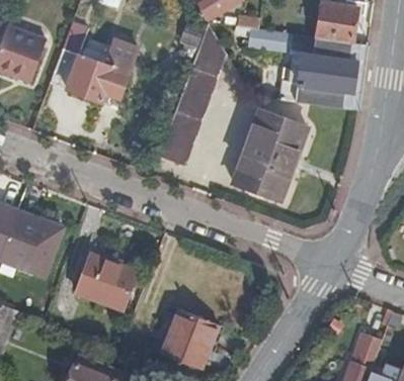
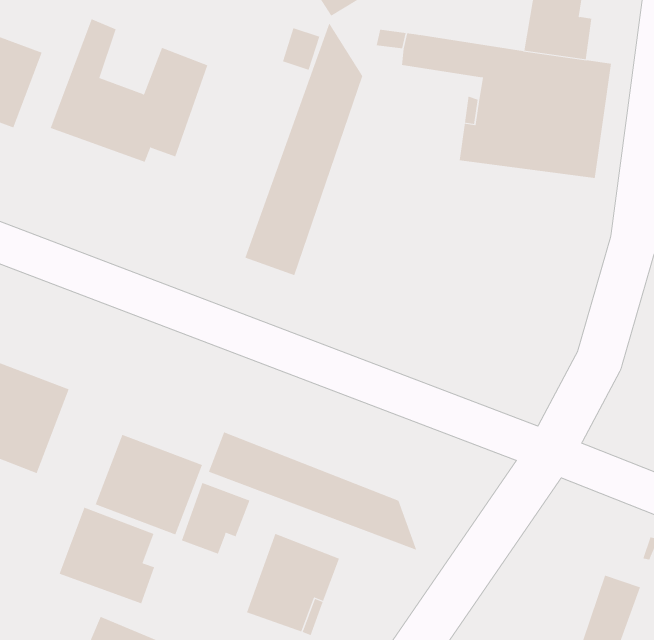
building: [230,108,302,193] -> none
building: none -> [208,431,417,551]
building: none -> [181,482,250,555]
building: none -> [59,507,155,604]

